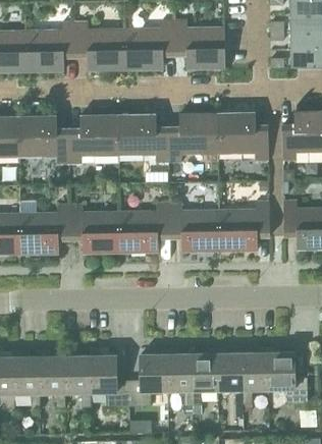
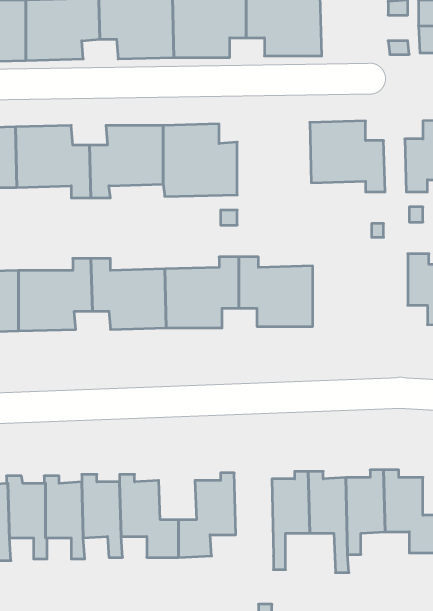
building: [168,113,218,162] -> none
building: [219,202,269,251] -> none
building: [166,349,193,405] -> none

